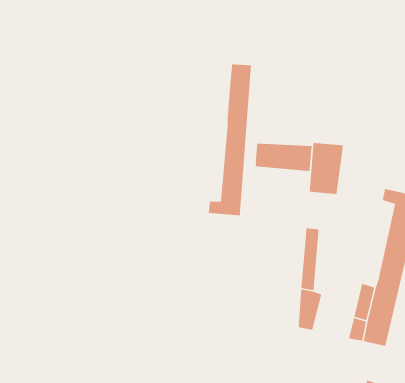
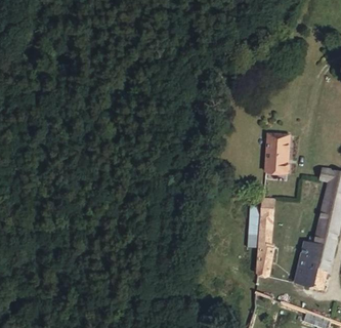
building: [208,63,252,216] -> none
building: [255,143,312,172] -> none

